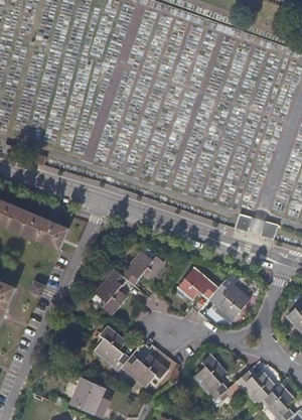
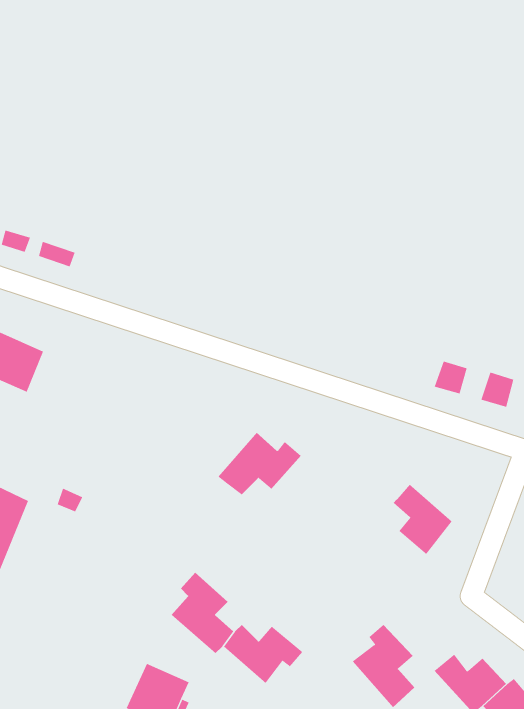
building: [17,208,72,250] -> none
building: [174,269,216,299] -> none
building: [93,271,127,316] -> none

